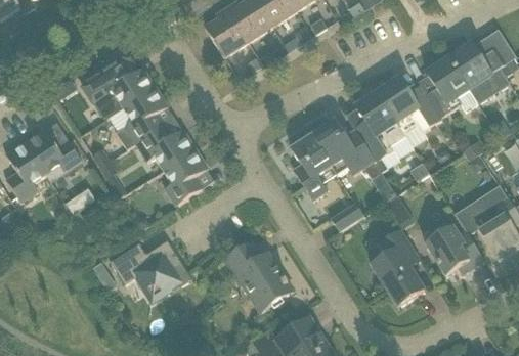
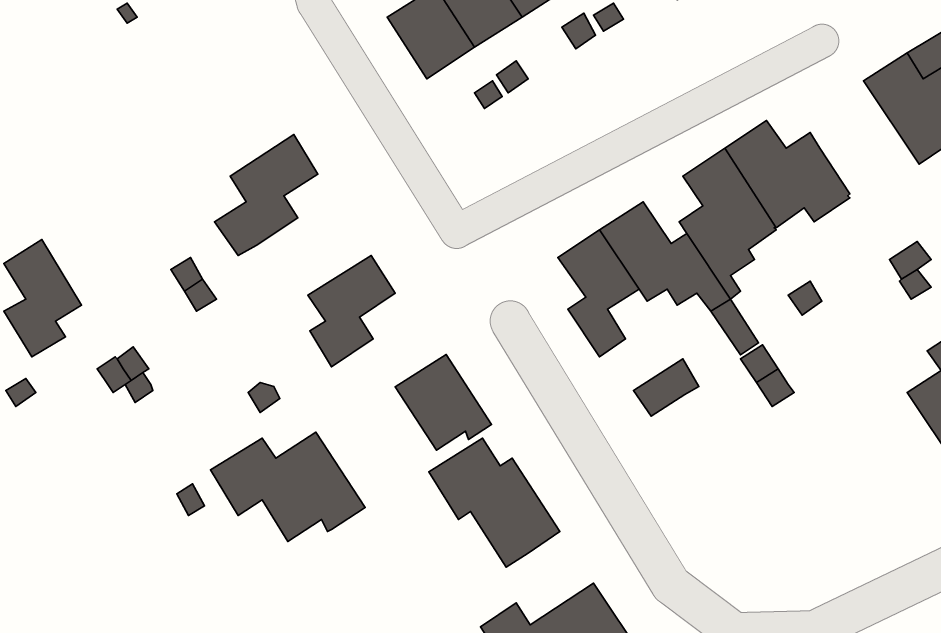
building: [427,58,478,117] -> none
building: [82,60,156,118] -> none
building: [26,128,83,181] -> none
building: [136,129,196,169] -> none
building: none -> [395,355,491,450]
building: [426,226,484,275] -> none
building: [372,229,425,307] -> none

